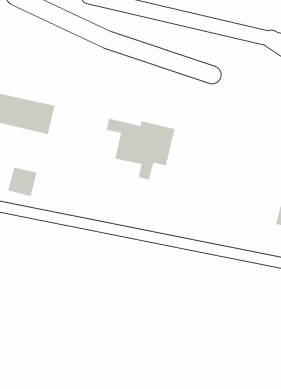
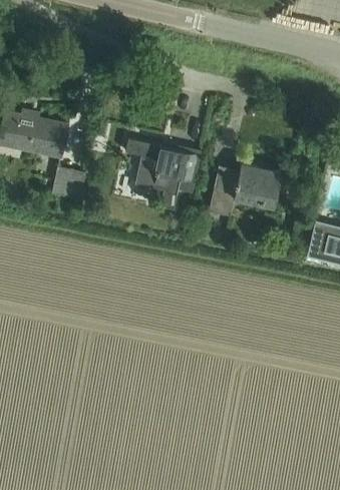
building: none -> [206,162,280,216]
building: [7,167,38,197] -> [50,166,84,200]

